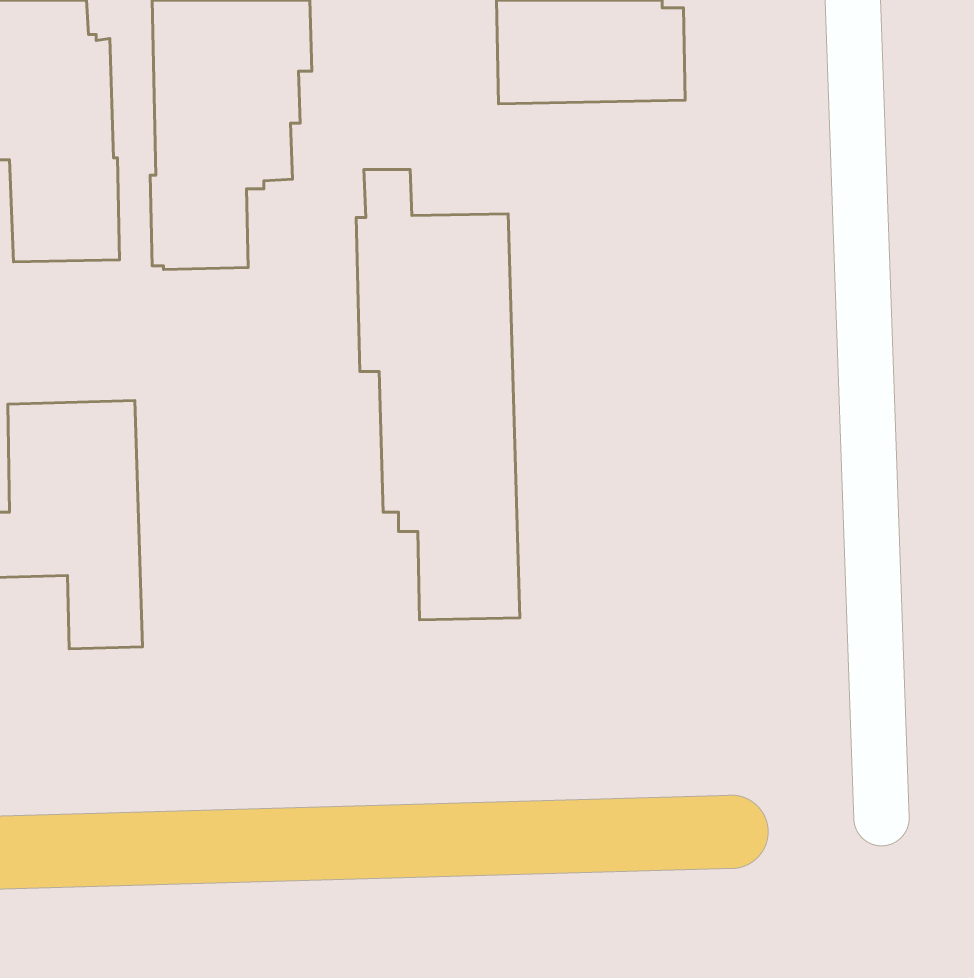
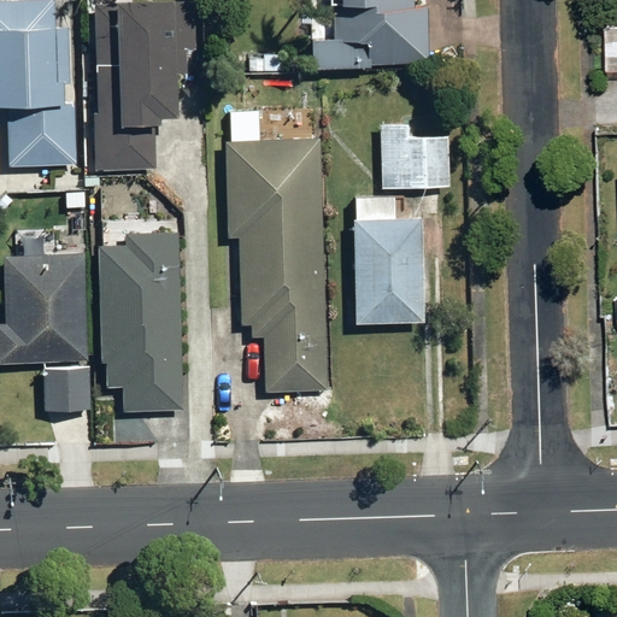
building: none -> [380,122,447,188]
building: none -> [353,194,447,322]
building: none -> [99,233,181,410]

